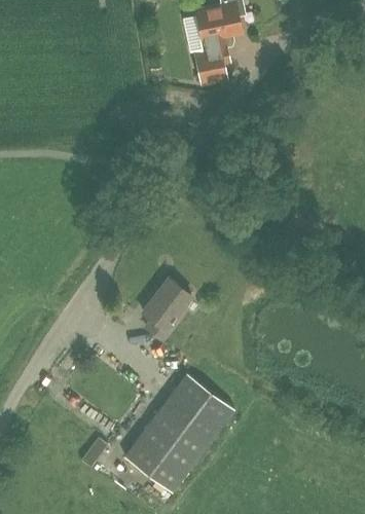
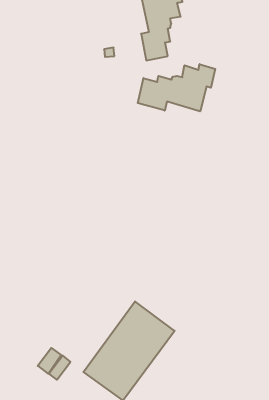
building: none -> [138,64,215,111]
building: [144,280,192,340] -> none

